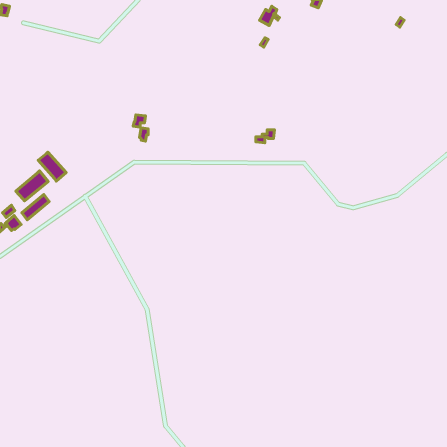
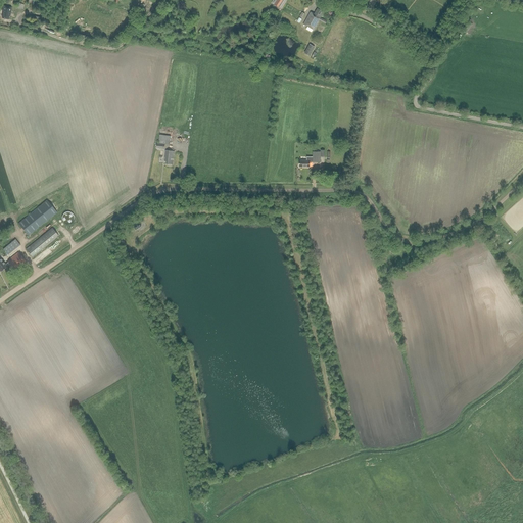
building: [38,152,66,181] -> none

